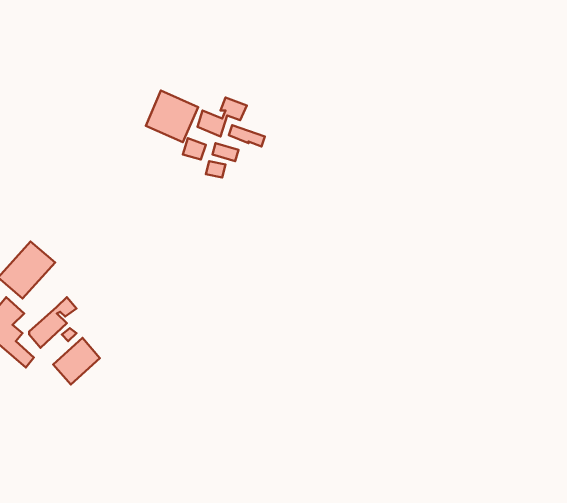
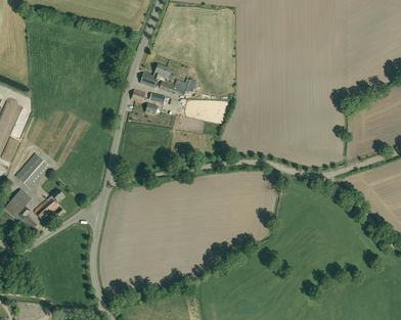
building: [146,91,198,142] -> none
building: [53,338,100,385] -> none

